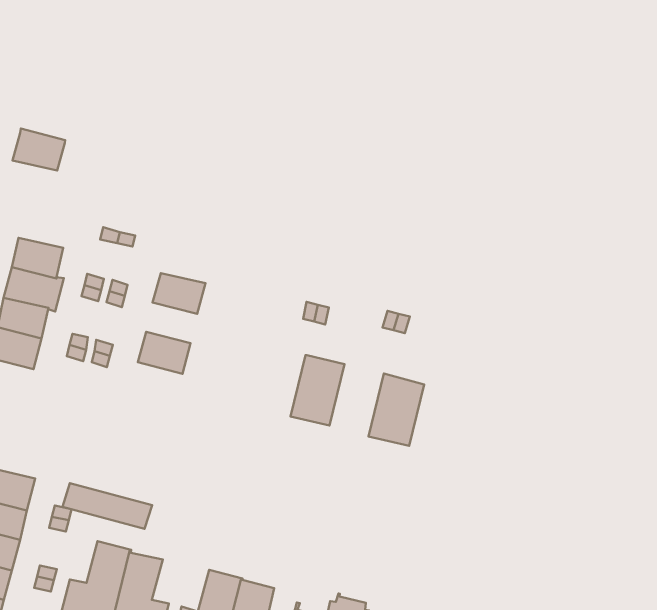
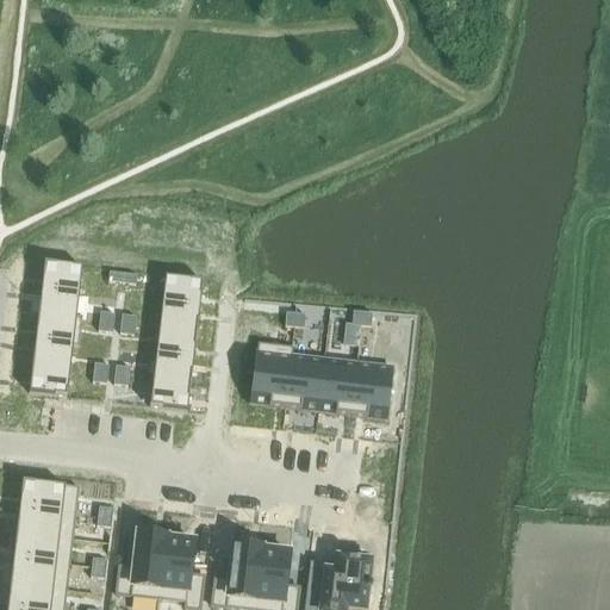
building: [12,129,65,171] -> [41,259,82,290]
building: none -> [162,273,203,304]
building: none -> [156,325,197,355]
building: none -> [250,340,293,405]
building: none -> [150,376,191,407]
building: none -> [318,356,357,413]
building: [62,483,152,529] -> none

